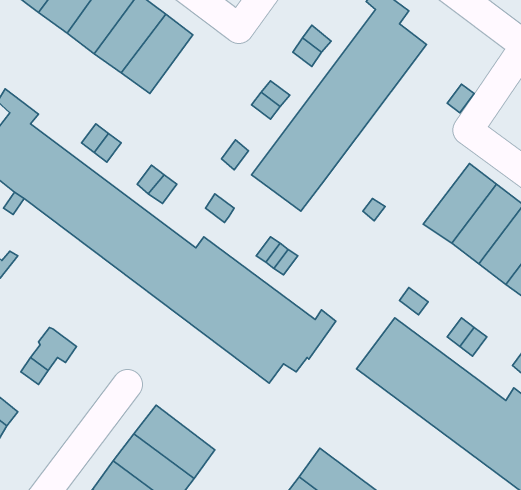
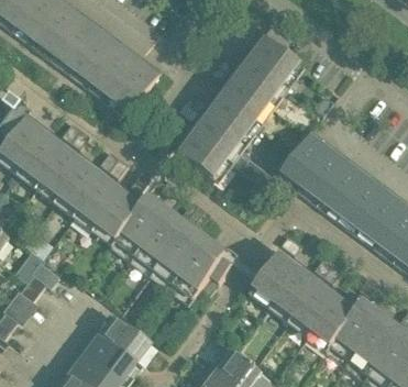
building: none -> [108,55,158,111]
building: none -> [277,129,329,186]

